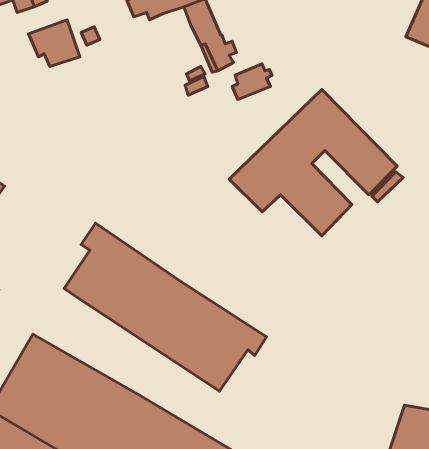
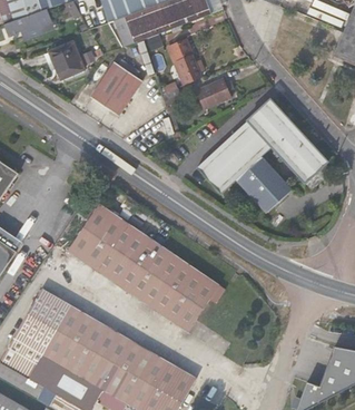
building: none -> [91,59,145,116]

